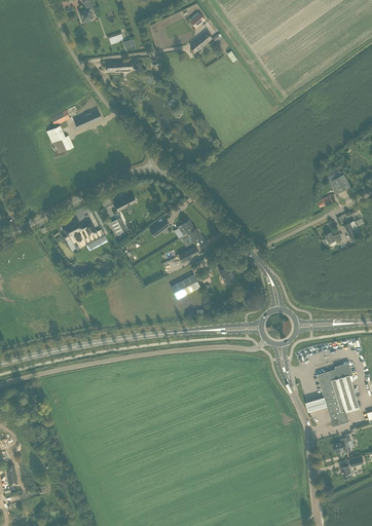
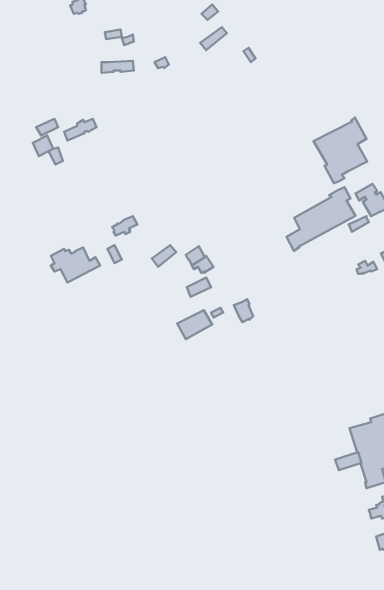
building: none -> [314,118,367,183]
building: none -> [286,187,355,251]

